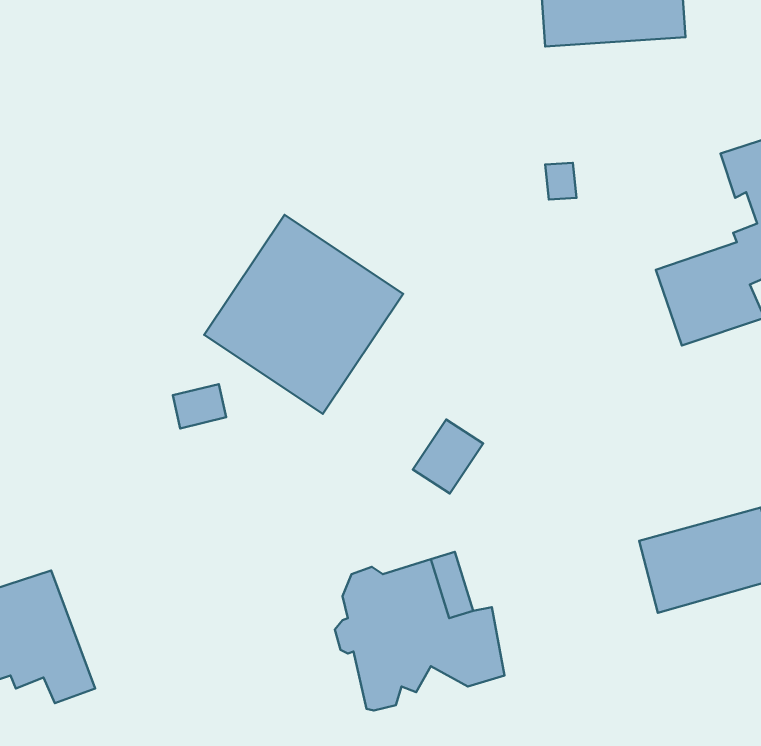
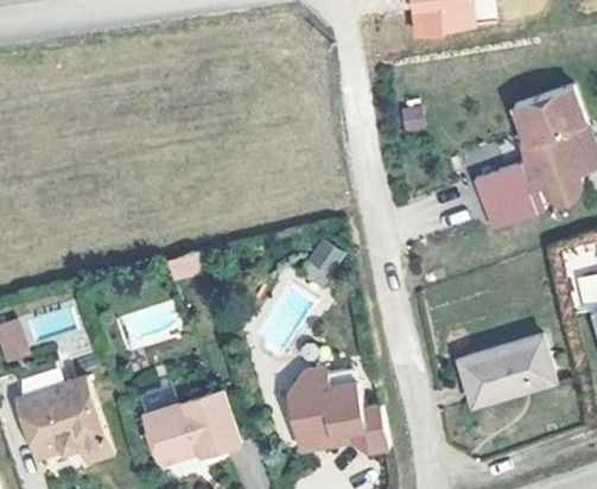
building: [204,215,403,414] -> none
building: [413,420,483,493] -> [299,239,344,286]
building: none -> [145,393,240,466]

